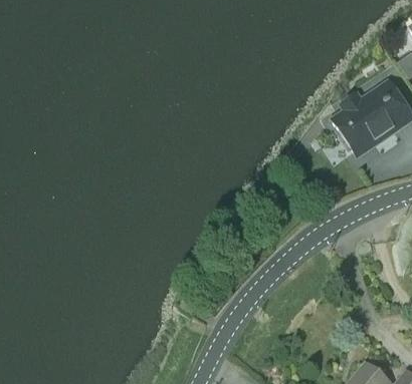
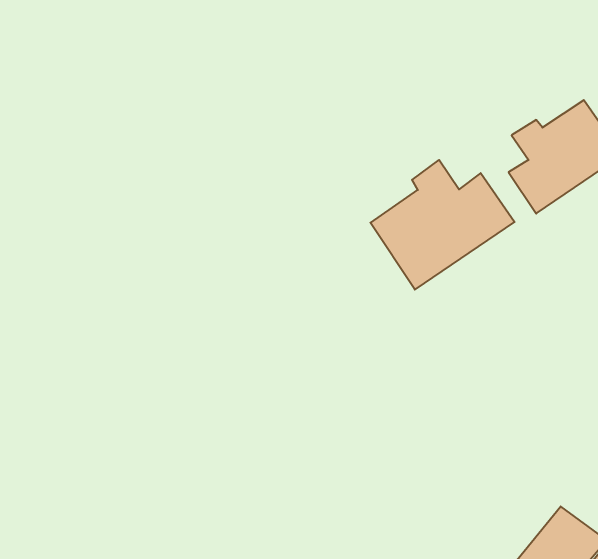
building: none -> [370,160,515,290]

